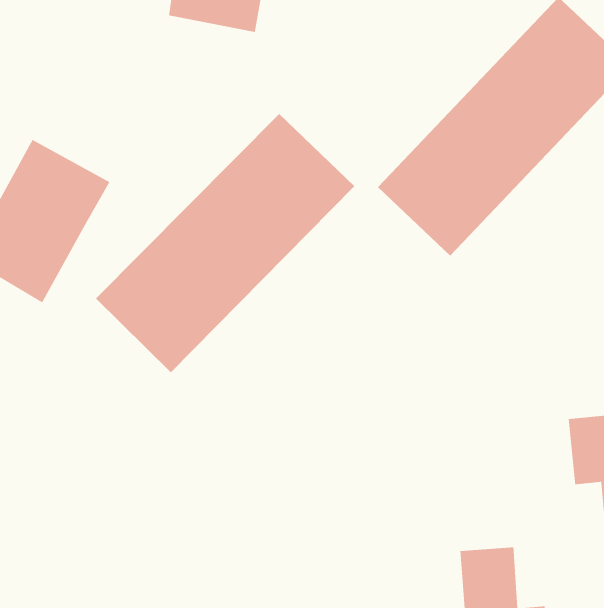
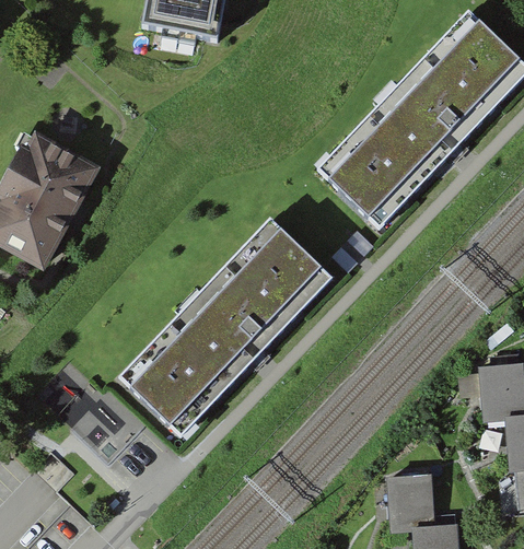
building: [95,113,355,373] -> [118,218,336,435]

